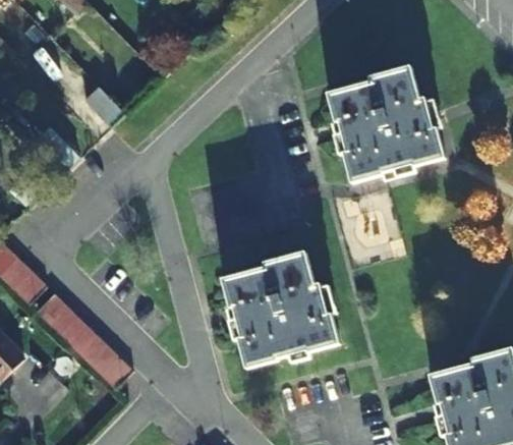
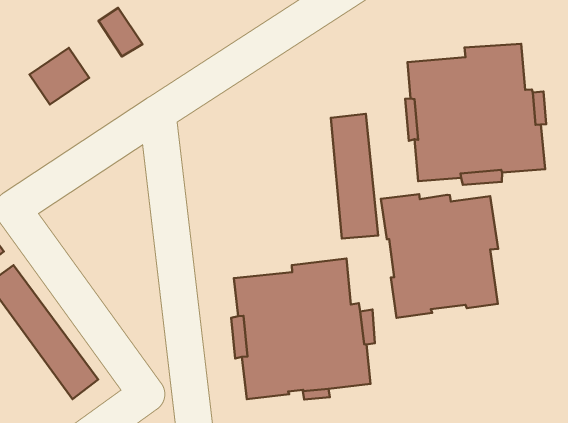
building: none -> [331,114,378,239]
building: none -> [381,194,498,318]

